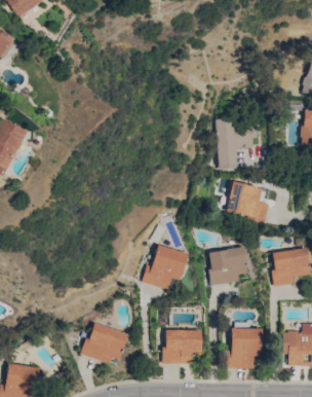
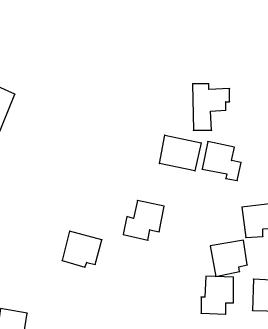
building: none -> [159,135,201,171]
building: [207,246,247,285] -> [210,240,247,276]
building: [84,323,127,362] -> [62,231,102,267]
building: [163,329,201,363] -> none

